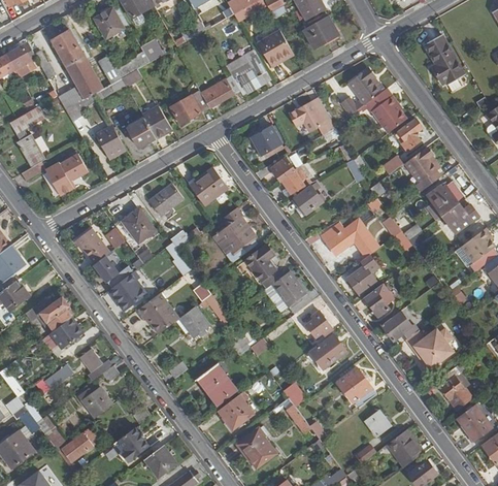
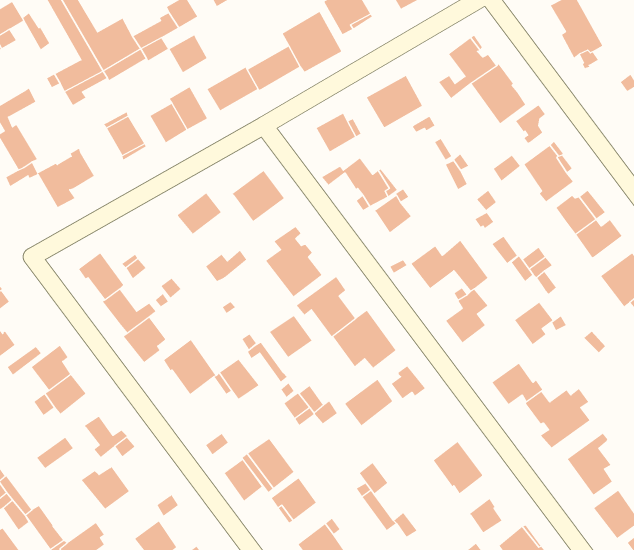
building: none -> [169,35,207,73]
building: [122,208,155,241] -> none
building: none -> [270,315,312,358]
building: [364,284,393,316] -> [514,302,553,345]
building: [309,334,345,369] -> [344,379,393,426]
building: none -> [224,459,263,502]

